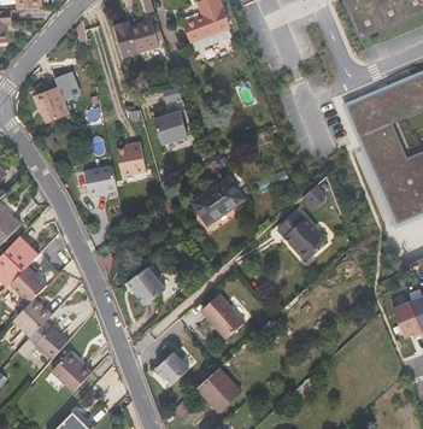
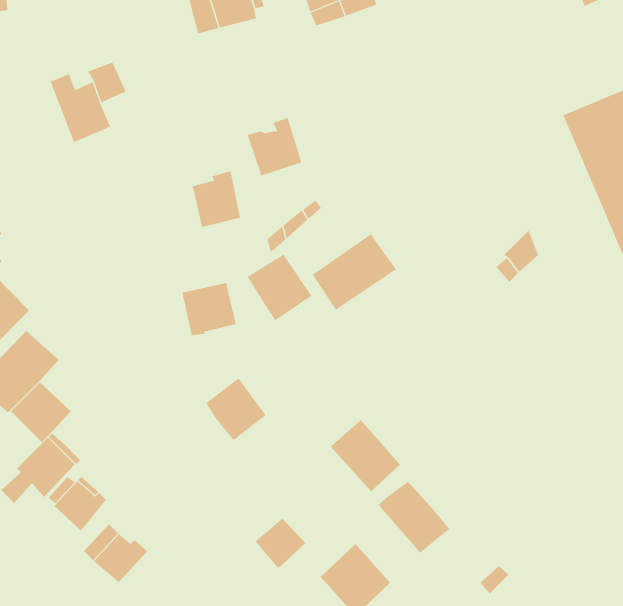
building: [86,163,119,195] -> [181,283,237,336]
building: none -> [247,254,312,321]
building: [281,207,330,255] -> none
building: none -> [378,481,450,553]

